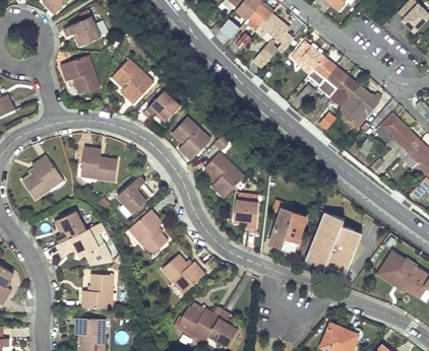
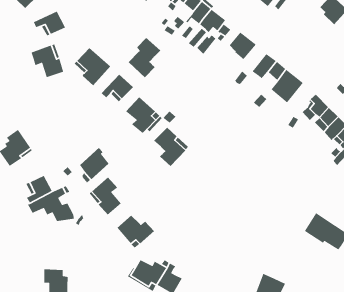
building: none -> [128,37,161,78]
building: [308,56,335,85] -> none
building: [80,147,117,182] -> none
building: [235,200,258,233] -> none
building: [271,200,307,248] -> none
building: [304,212,362,279] -> none
building: [81,271,114,306] -> none

